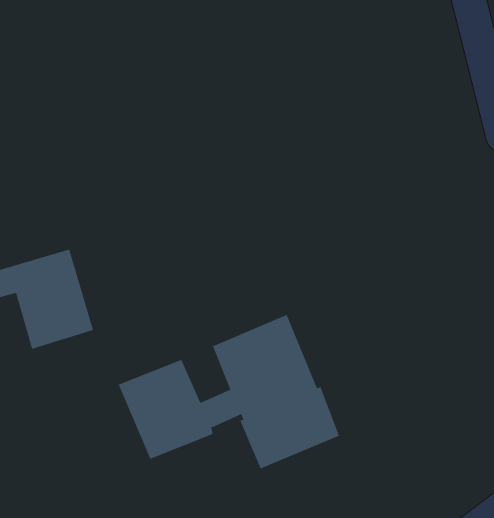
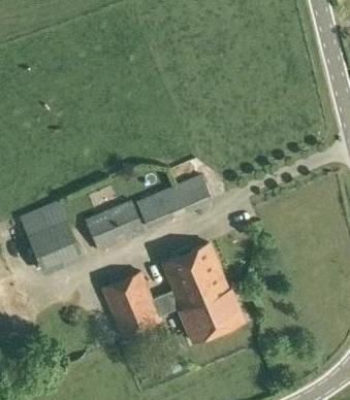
building: none -> [136,174,212,228]
building: none -> [85,199,144,253]

